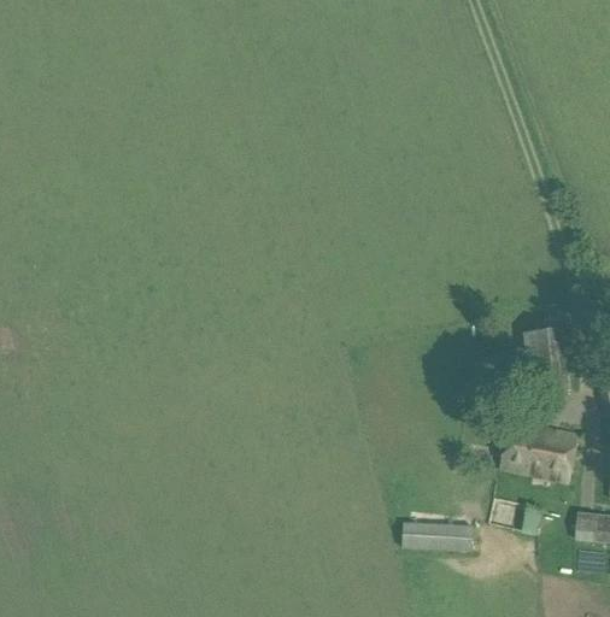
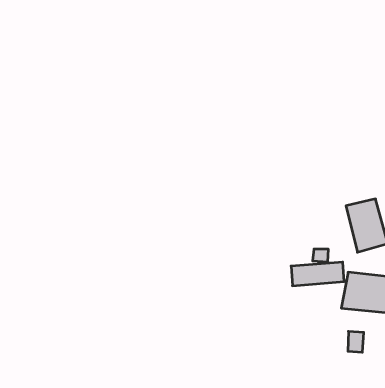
building: [403,522,474,551] -> [291,262,344,286]

